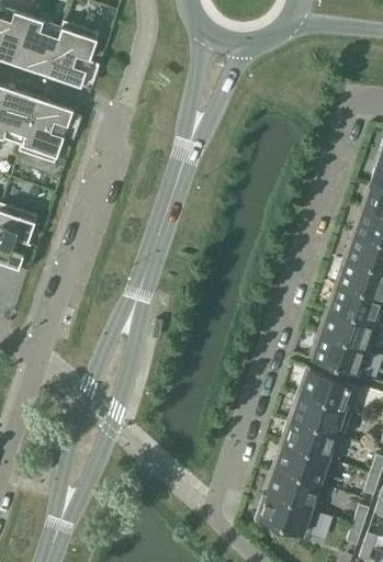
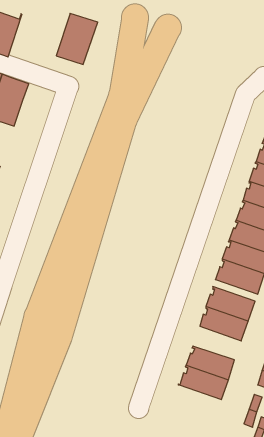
building: [46,23,99,88] -> [56,13,98,64]
building: [281,419,342,462] -> none
building: [254,494,317,539] -> none

